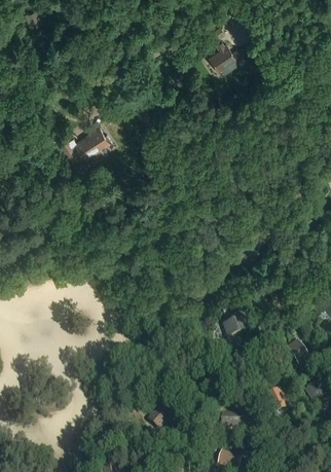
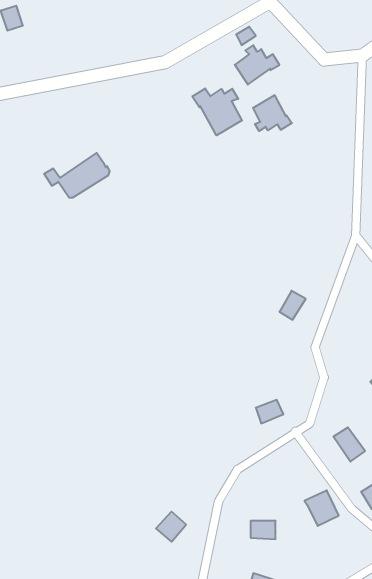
building: none -> [192,88,242,135]
building: none -> [253,95,292,131]

